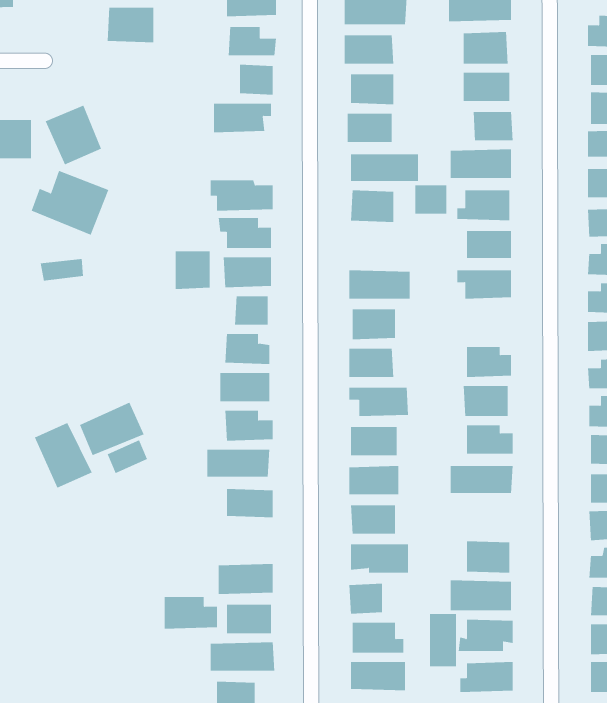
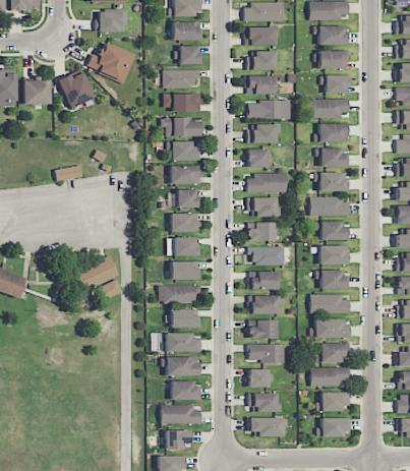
building: none -> [163,93,199,112]
building: [31,170,109,235] -> [86,42,135,82]
building: [414,185,447,214] -> [247,149,268,167]
building: [175,251,210,290] -> none
building: none -> [309,196,350,216]
building: [34,422,93,489] -> none
building: none -> [314,318,349,338]
building: [164,596,218,629] -> [166,332,199,352]
building: [430,613,457,667] -> none

